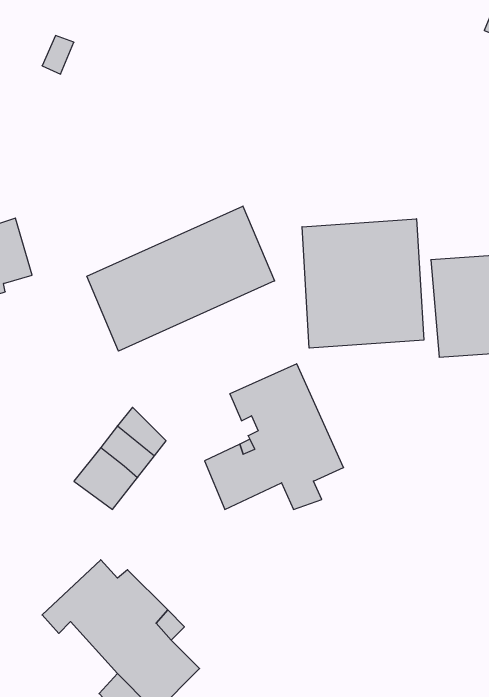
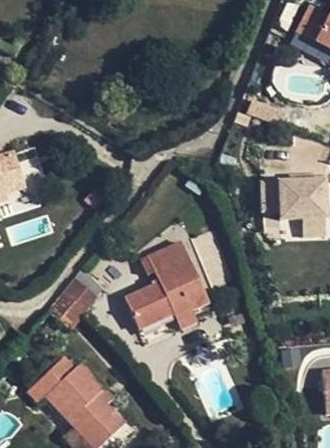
building: [87,206,275,351] -> none
building: [302,219,424,348] -> none

